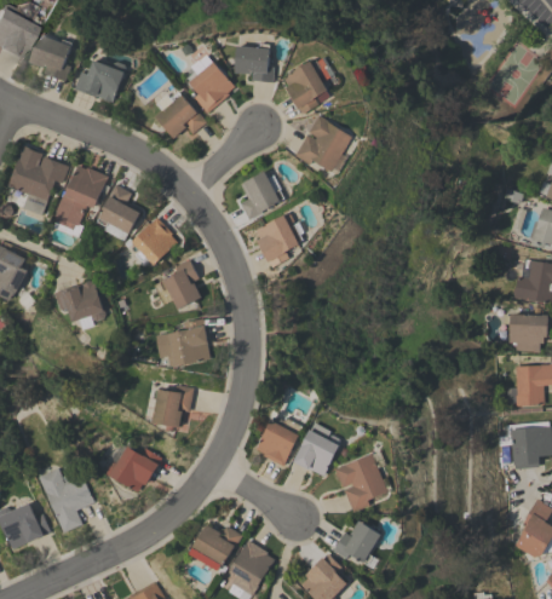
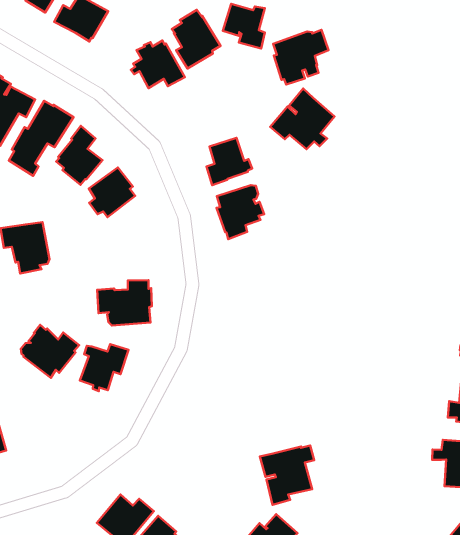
building: [154,259,202,310] -> none
building: [255,415,301,466] -> none
building: [293,422,340,476] -> none
building: [107,444,161,493] -> [21,325,79,378]

